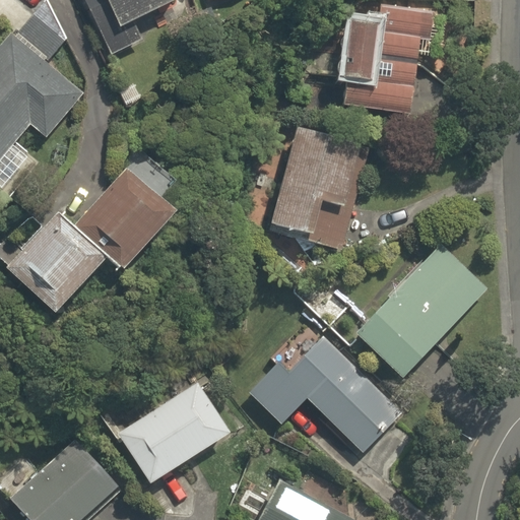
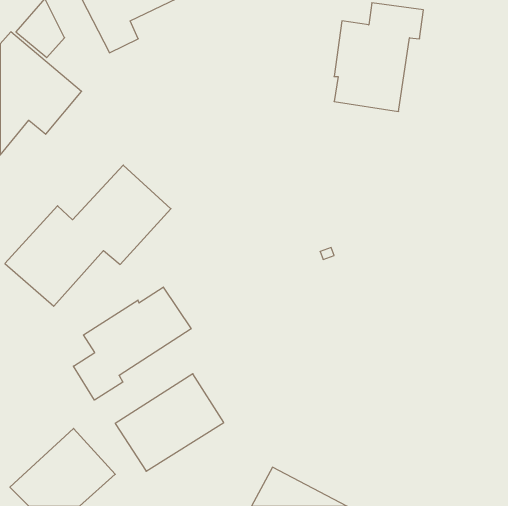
building: [269,128,366,248] -> none
building: [363,250,489,385] -> none
building: none -> [73,287,191,400]
building: [249,335,401,452] -> none

